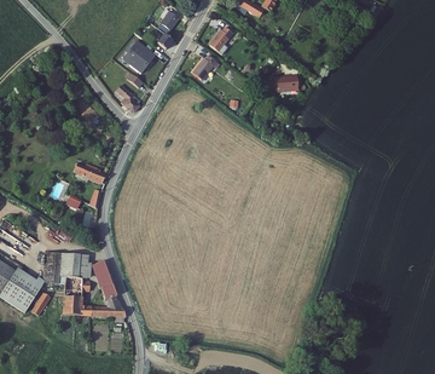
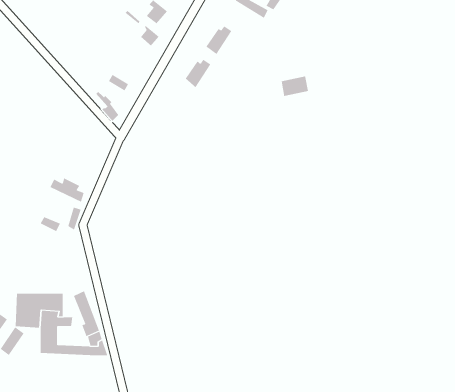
building: [120,39,152,71] -> none

